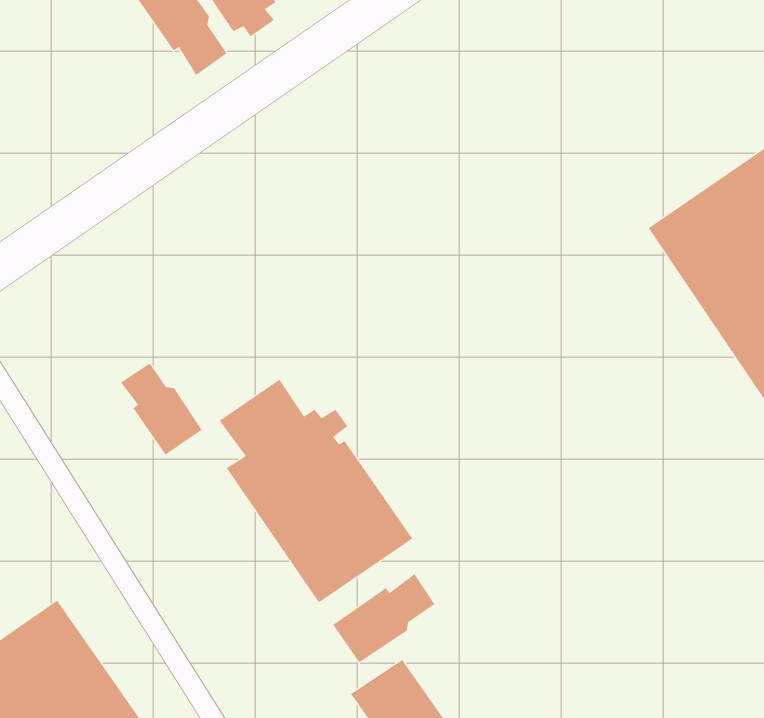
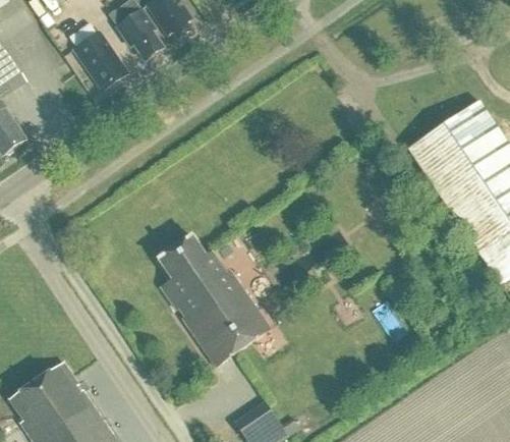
building: none -> [74,30,123,89]
building: [120,363,203,455] -> none
building: [332,573,435,663] -> none

